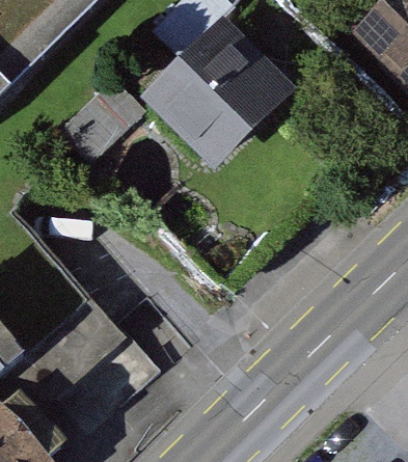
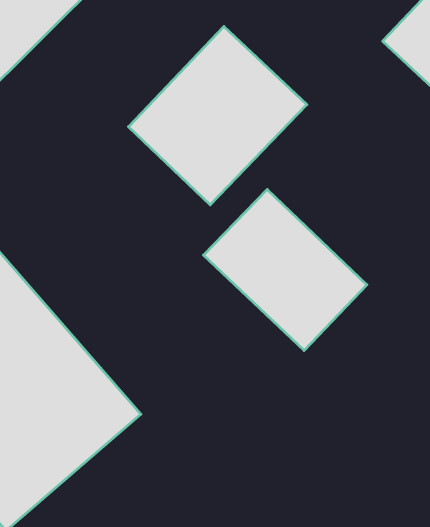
building: none -> [203,189,367,351]

